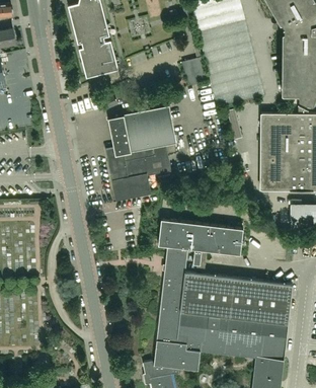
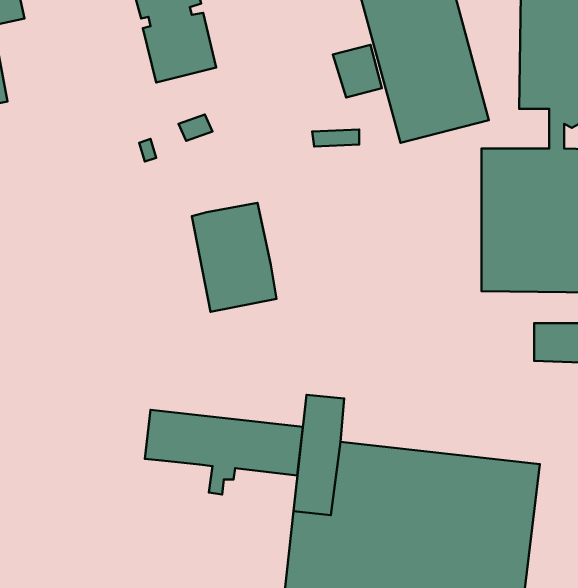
building: [107,108,175,177] -> none
building: [158,220,243,265] -> [145,410,303,494]

